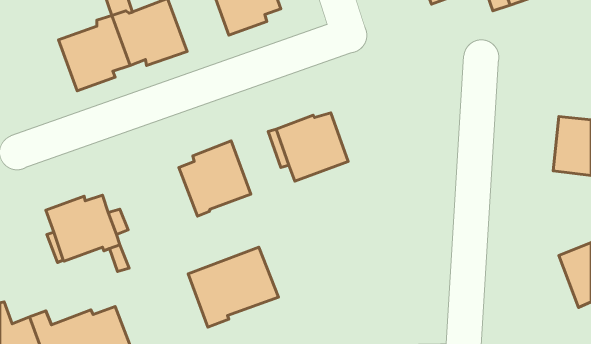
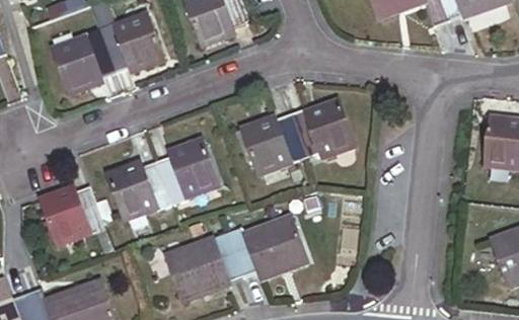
building: none -> [290,98,355,156]
building: none -> [107,160,173,218]
building: none -> [227,214,307,273]

